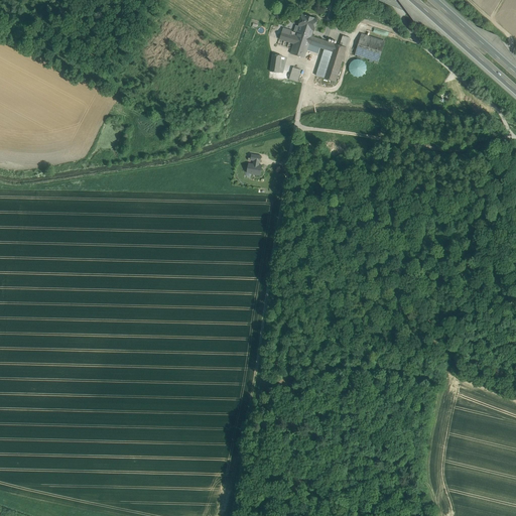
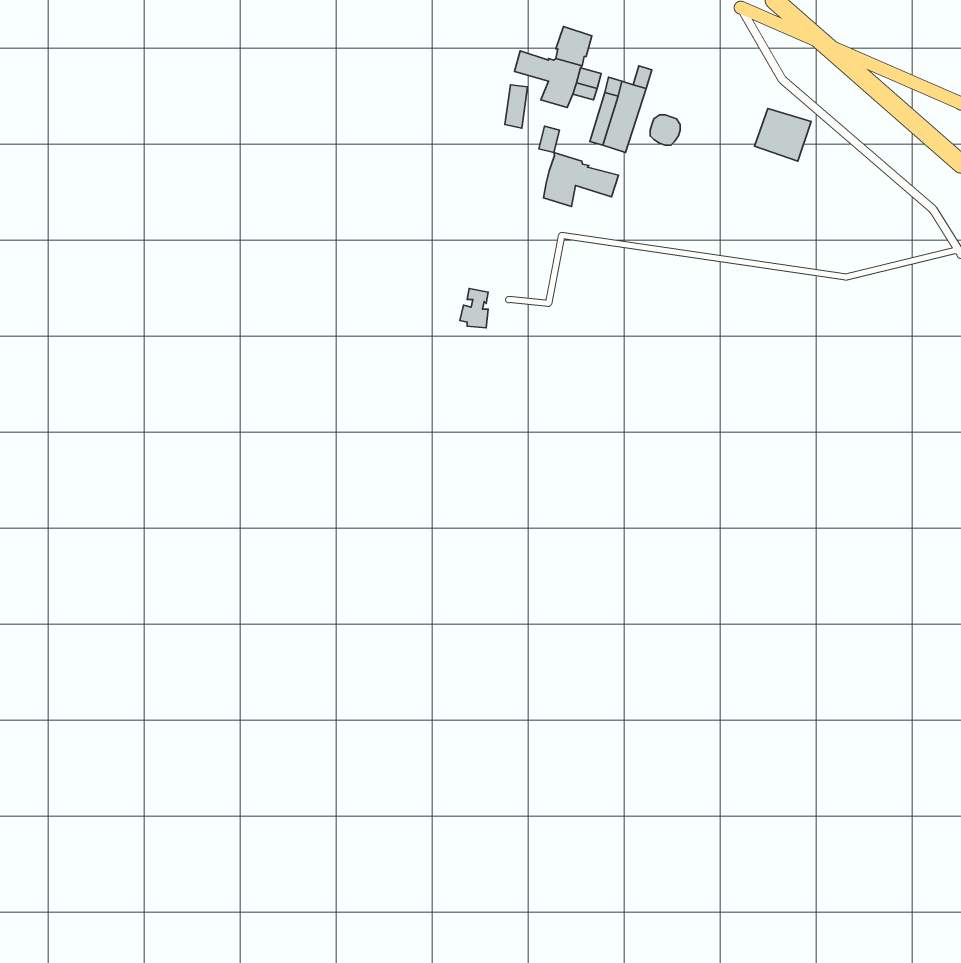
building: [354,34,384,62] -> [755,108,811,161]
building: none -> [544,153,618,207]

